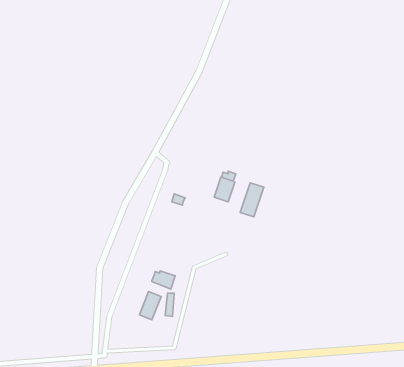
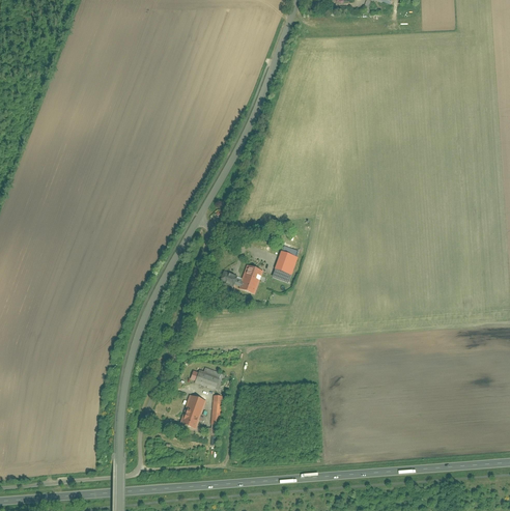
building: [240,183,264,217] -> none
building: none -> [238,265,262,294]

